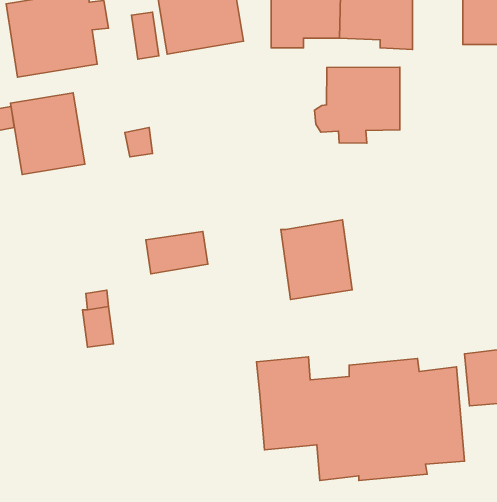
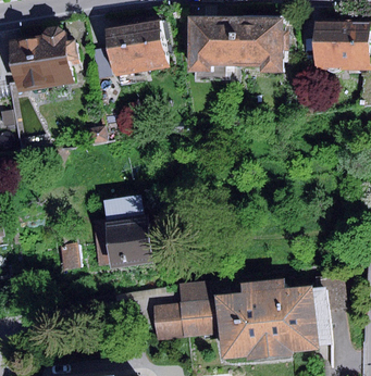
building: [315,67,400,143] -> none
building: [10,93,85,175] -> none
building: [281,220,352,300] -> [103,215,151,268]
building: none -> [154,302,183,341]

